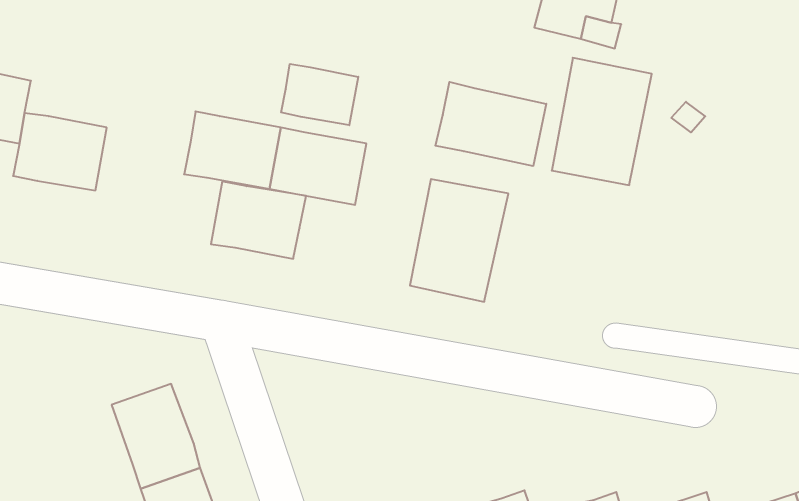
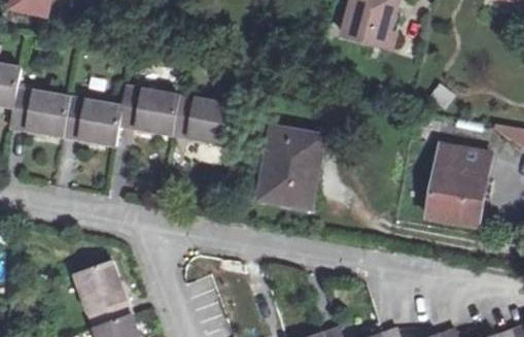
building: [552,58,652,185] -> [428,138,492,220]
building: [281,64,358,125] -> none
building: [435,82,546,166] -> none
building: [211,181,306,259] -> [63,97,124,146]

